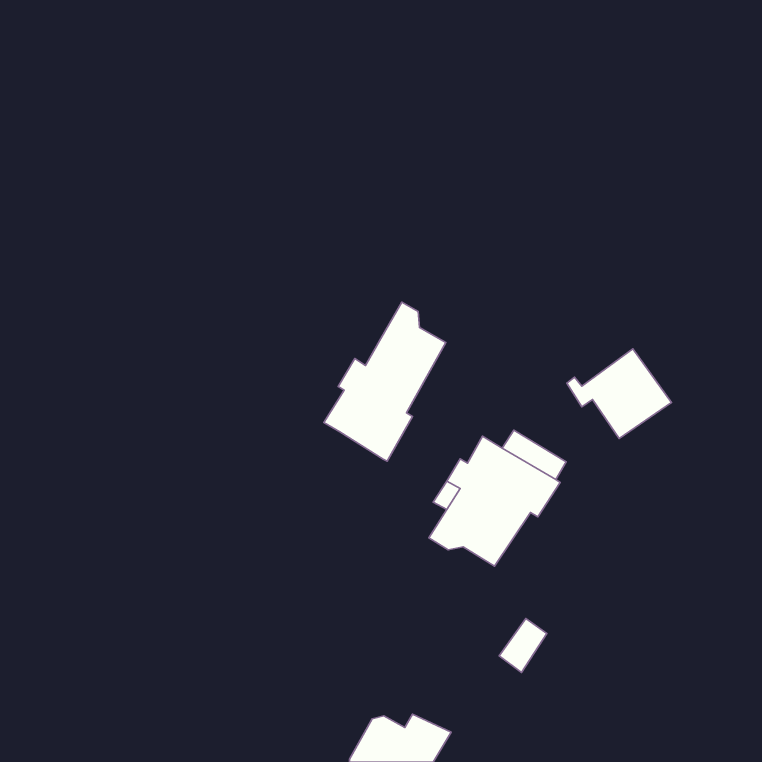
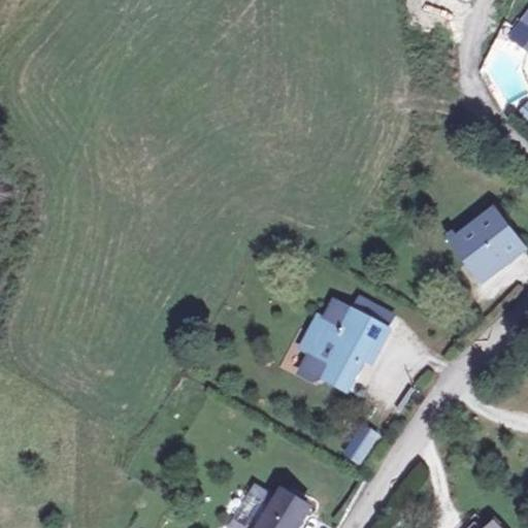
building: [324,302,446,461] -> none
building: [567,349,672,438] -> [448,216,520,277]

